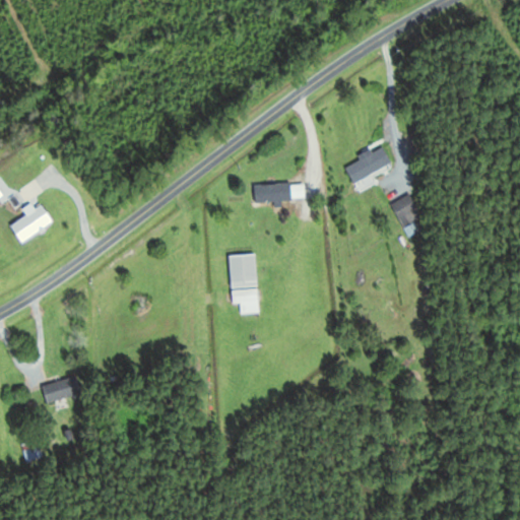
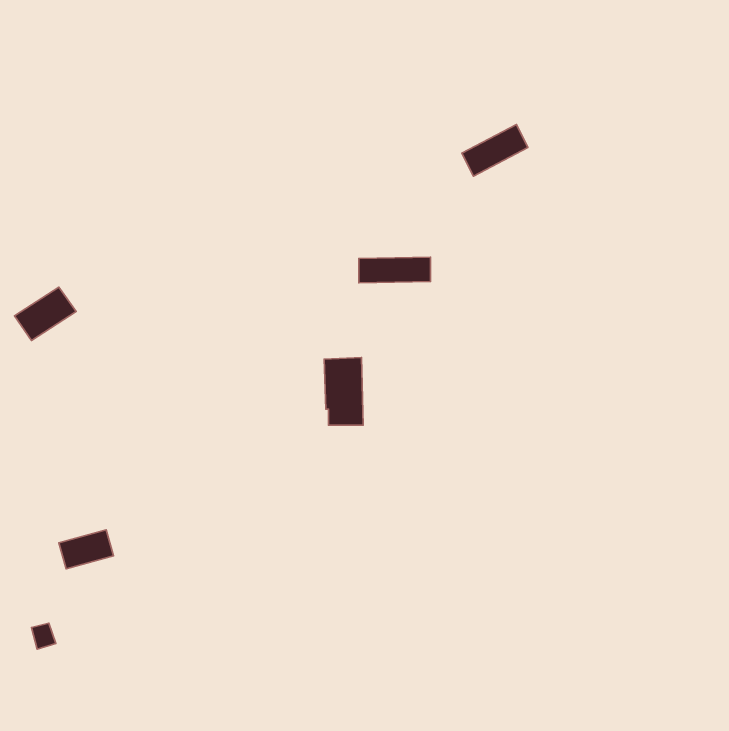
building: [345,148,392,185] -> [462,124,528,176]
building: [391,194,422,229] -> none

